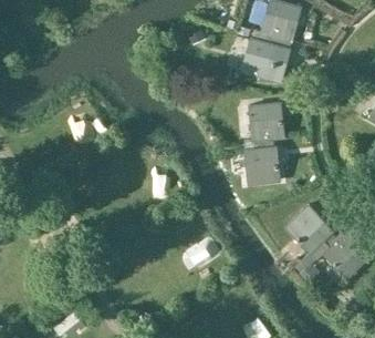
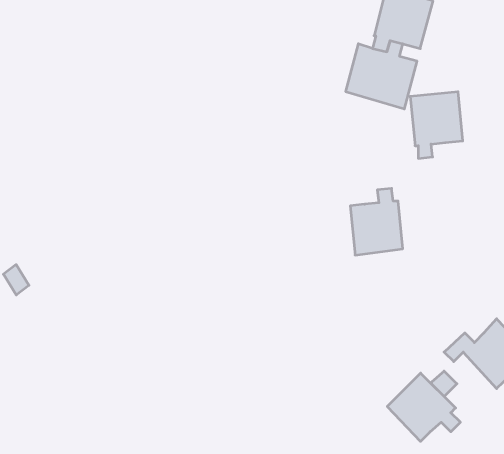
building: [249,102,285,148] -> [410,92,463,158]
building: [287,204,337,252] -> [387,373,460,441]

